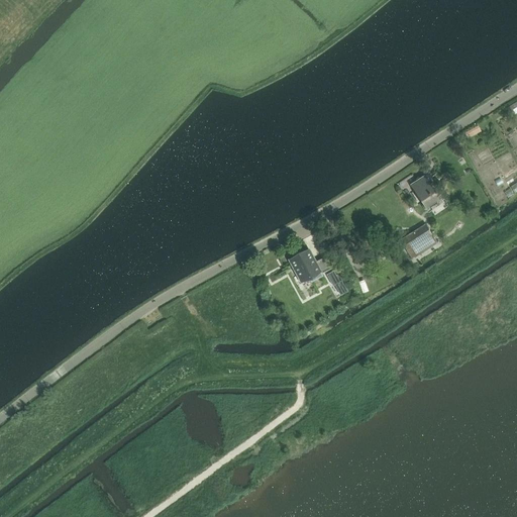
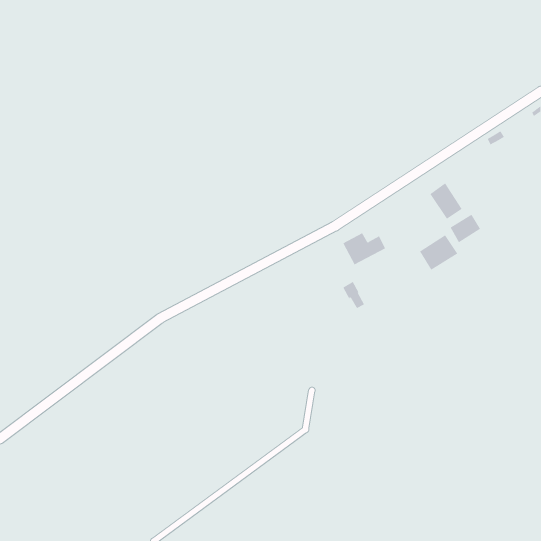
building: none -> [450,214,481,243]
building: [290,251,331,283] -> [342,232,386,265]

